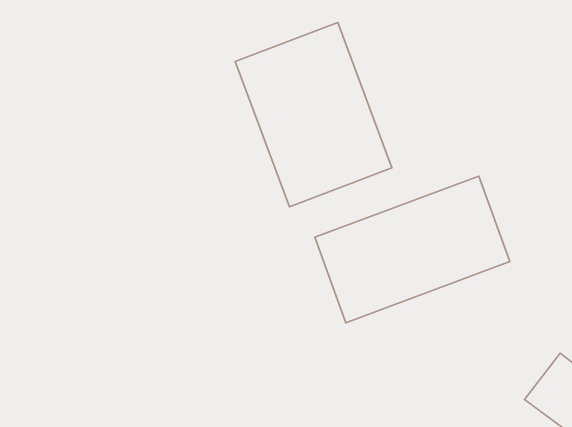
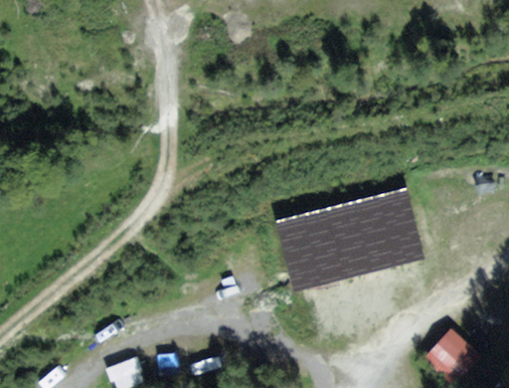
building: [235,22,392,207] -> none

